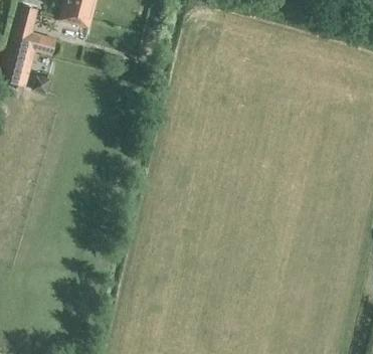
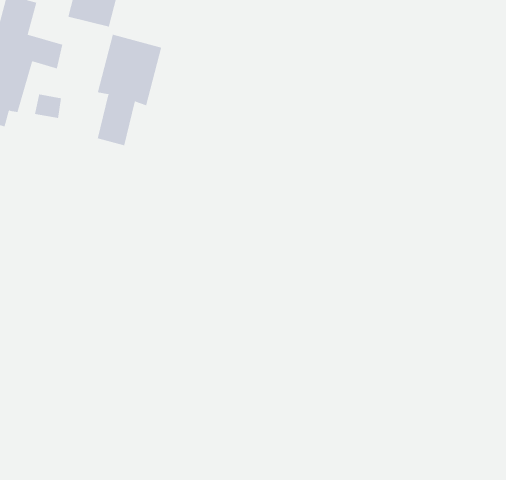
building: none -> [97,34,162,146]

